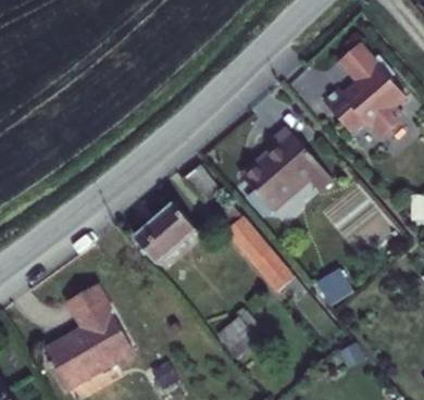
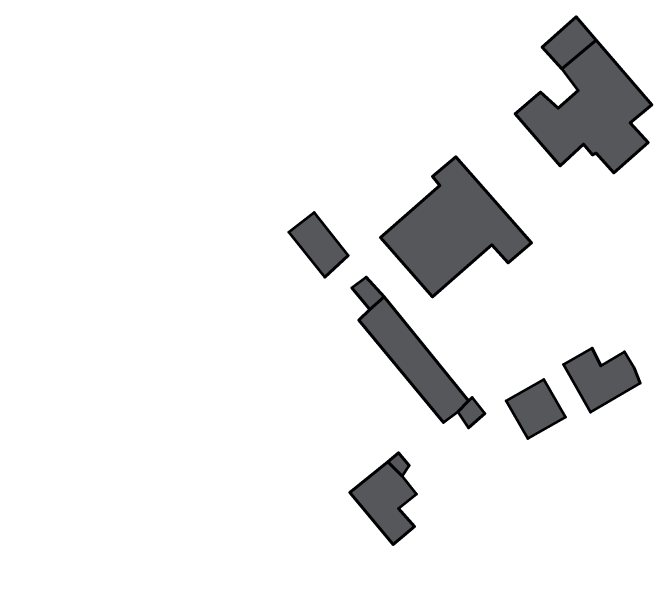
building: [134,201,197,263] -> none
building: none -> [563,348,640,412]
building: [45,283,134,387] -> none

